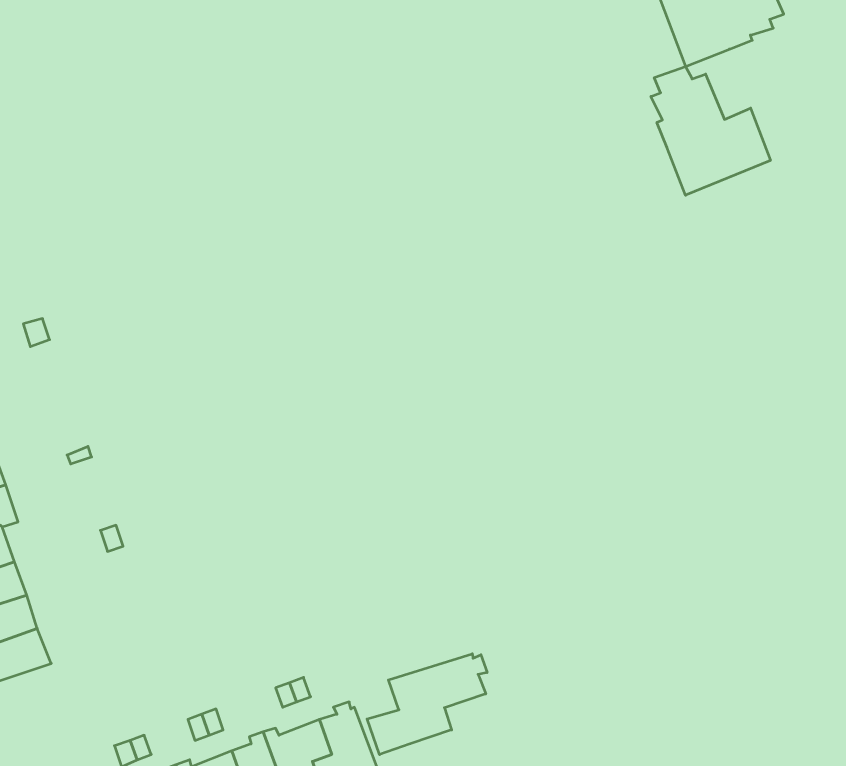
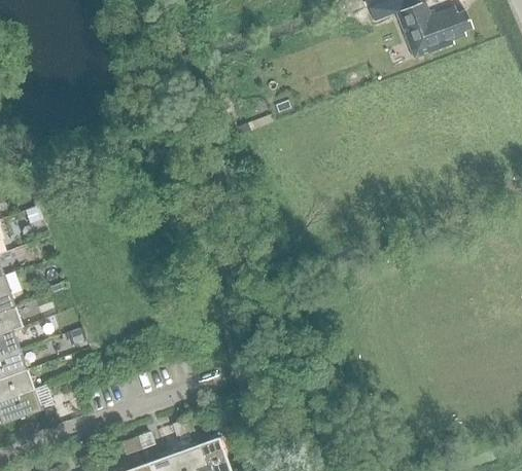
building: [651,67,770,195] -> none
building: [367,654,487,755] -> none

